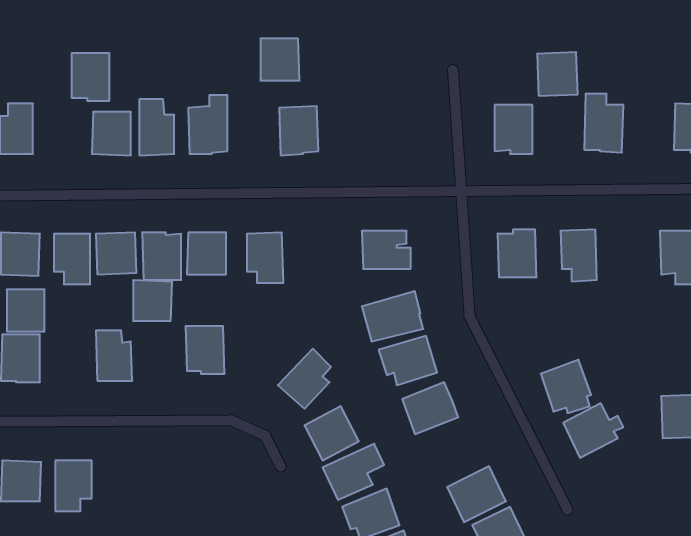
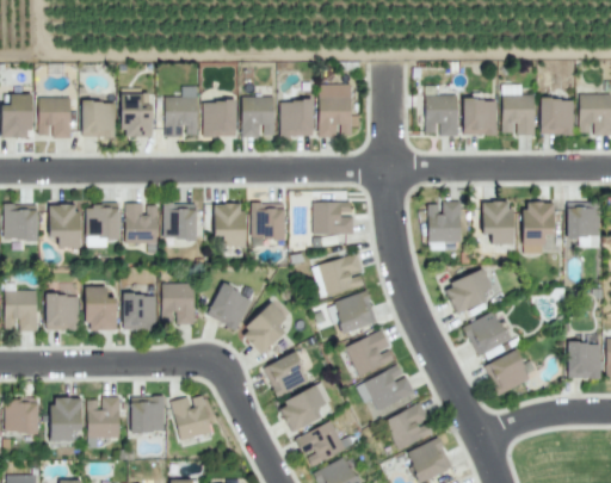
building: [260,39,300,81] -> [204,101,237,137]
building: [537,52,578,96] -> [463,99,498,136]
building: [72,53,109,101] -> [39,98,72,138]
building: none -> [320,85,360,137]
building: none -> [541,99,574,135]
building: none -> [280,101,314,137]
building: none -> [524,202,555,254]
building: none -> [252,203,285,247]
building: [133,280,172,321] -> [124,295,158,329]
building: [7,289,45,331] -> [47,295,79,330]
building: none -> [445,271,492,314]
building: none -> [208,284,252,330]
building: none -> [357,366,415,410]
building: none -> [131,396,166,433]
building: none -> [171,396,214,441]
building: none -> [88,397,121,439]

